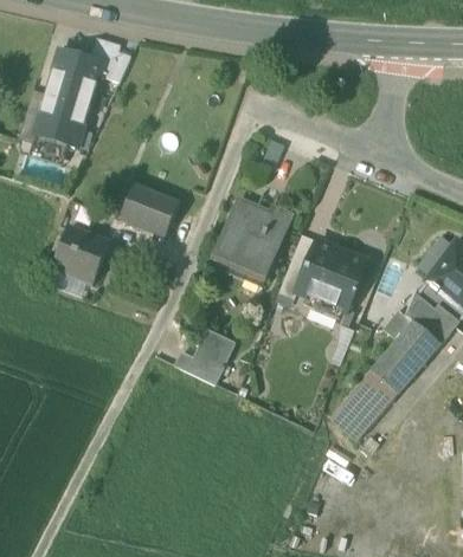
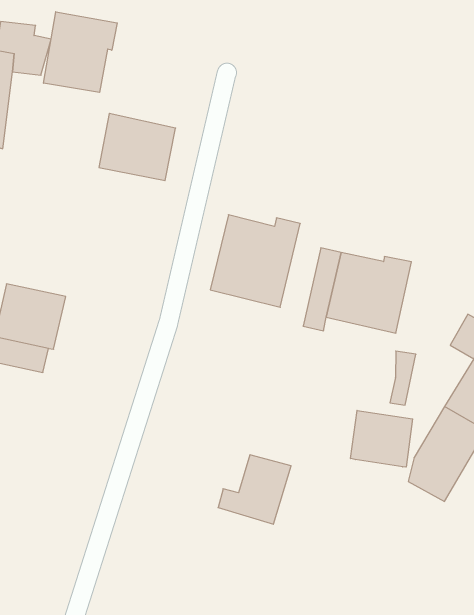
building: none -> [44,12,117,92]
building: [120,182,180,238] -> [99,113,176,181]
building: [176,330,234,383] -> [218,455,291,524]
building: none -> [351,410,413,467]

